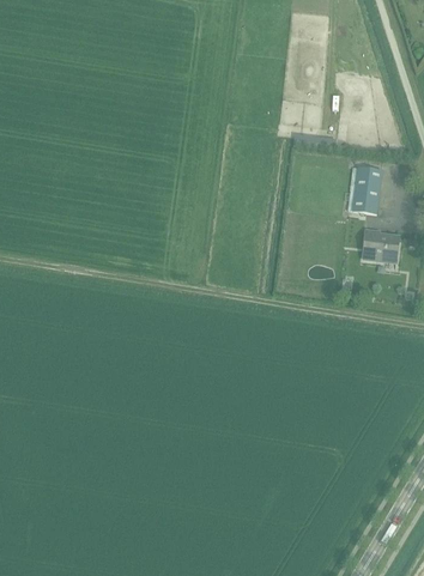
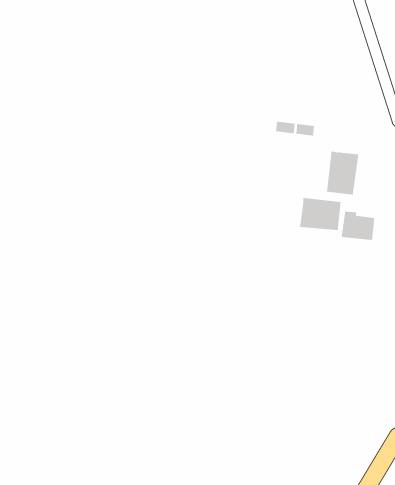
building: none -> [300,197,341,231]

